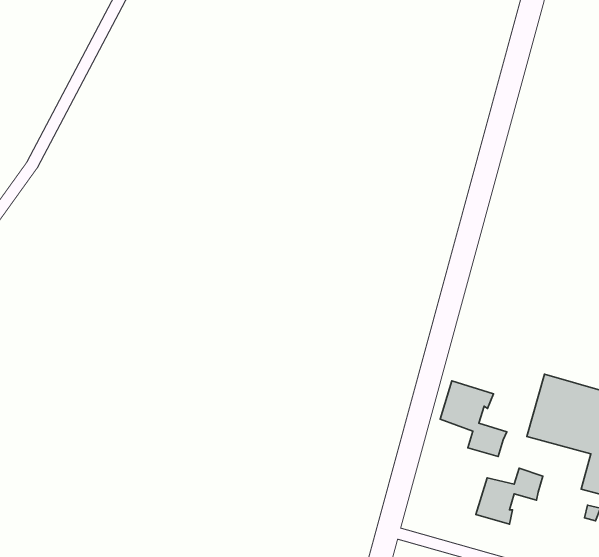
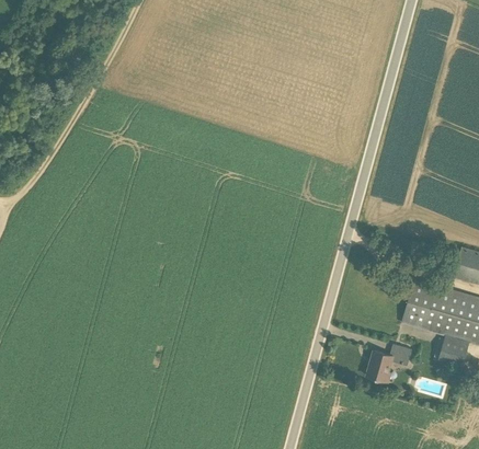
building: [440,381,507,457] -> none

